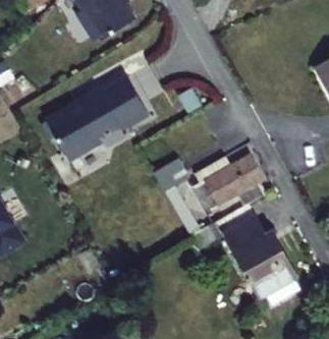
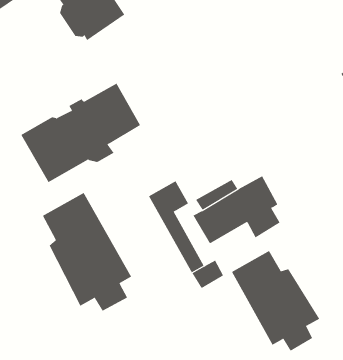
building: none -> [42,192,132,312]

